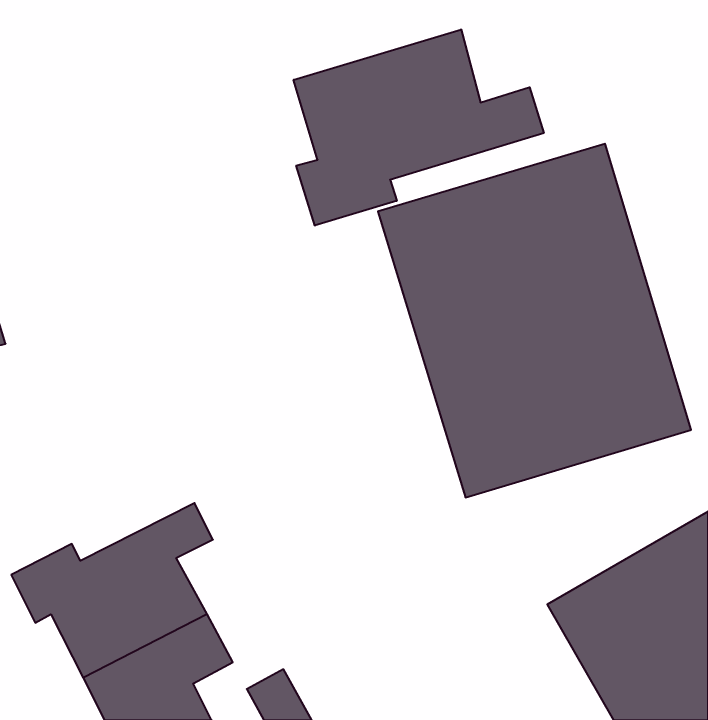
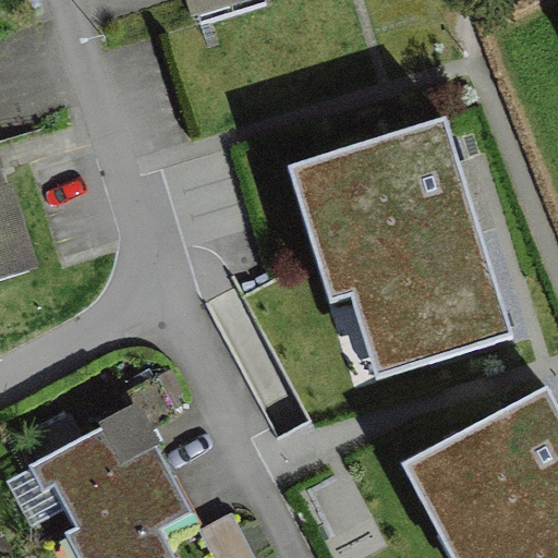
building: [294,29,544,226] -> none

